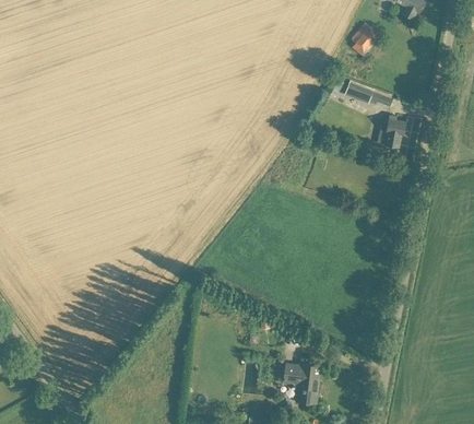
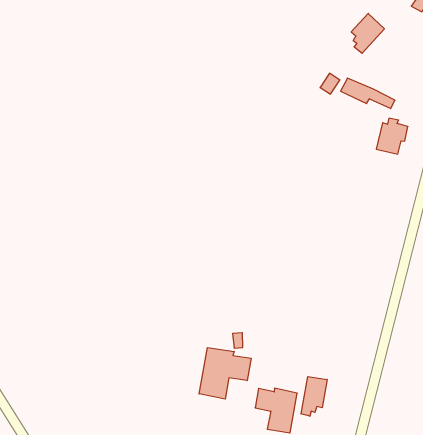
building: none -> [199,348,251,399]
building: none -> [301,377,327,416]

